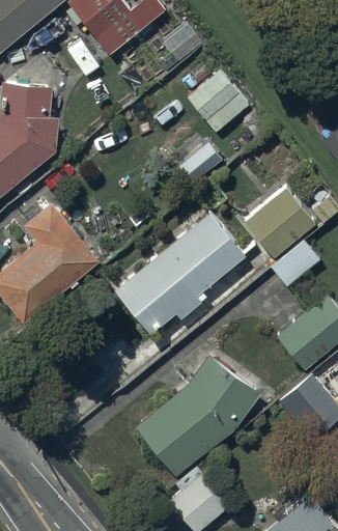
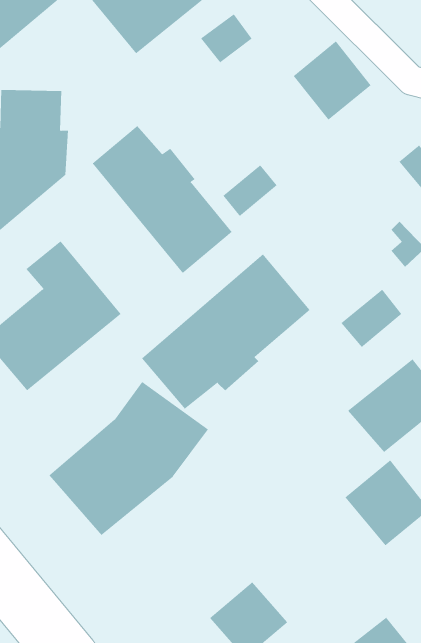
building: [188,69,250,133] -> [293,41,371,121]
building: none -> [92,125,233,274]
building: [244,188,315,258] -> none
building: [134,354,260,476] -> [49,381,209,536]

